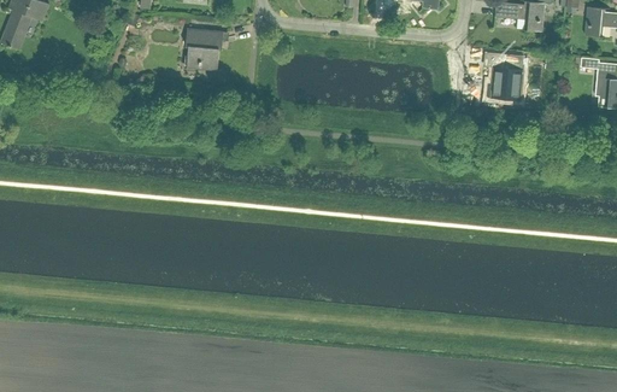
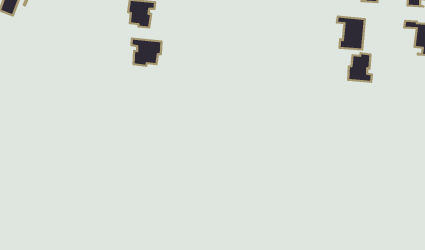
building: none -> [132,38,162,66]
building: none -> [348,53,372,82]

